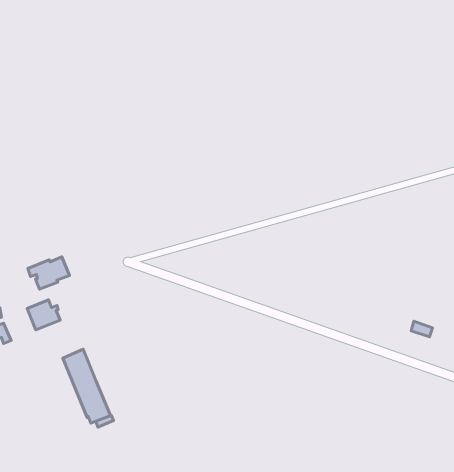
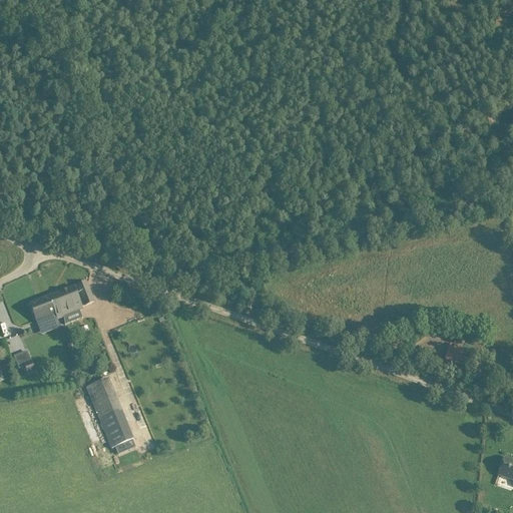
building: [27,300,60,330] -> [29,294,63,325]

